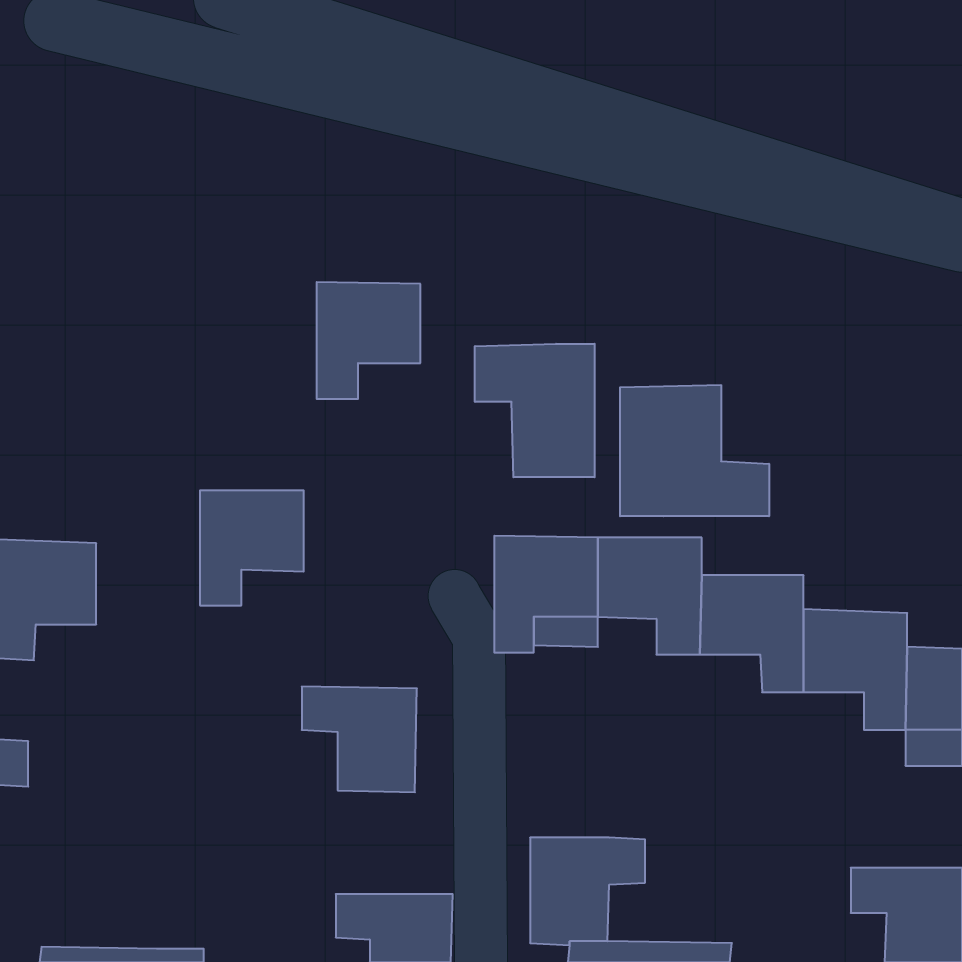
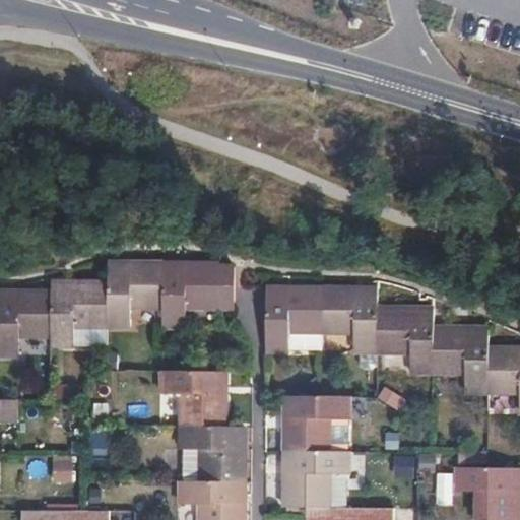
building: [317,282,420,399] -> [164,264,219,327]
building: [475,344,595,477] -> none
building: [620,385,769,516] -> none
building: none -> [52,281,108,346]
building: none -> [284,395,348,451]
building: none -> [182,426,244,481]

